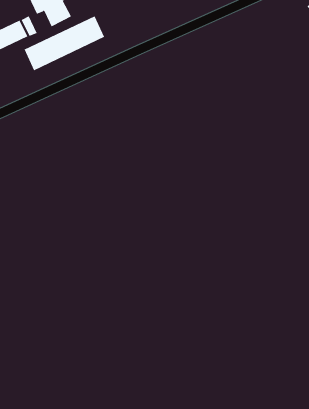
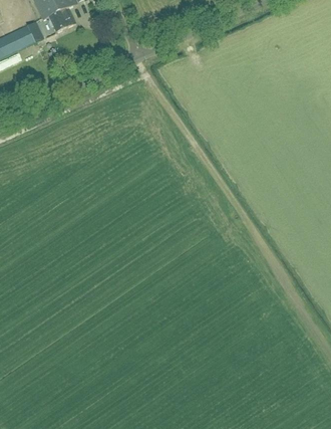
building: [24,15,105,71] -> none

